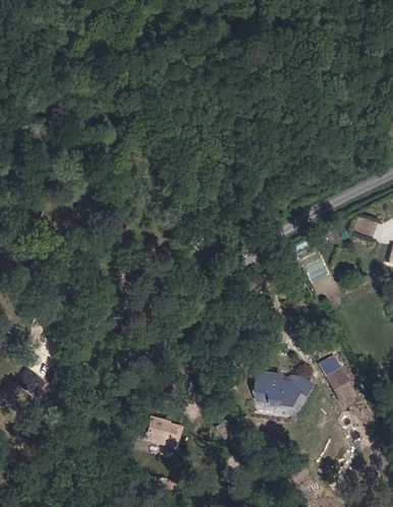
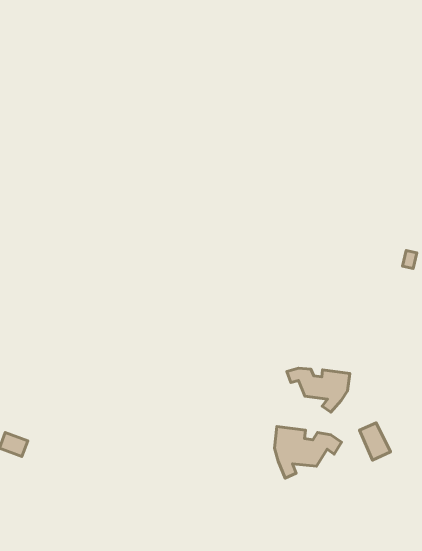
building: none -> [287,368,350,412]
building: [150,413,180,441] -> none

